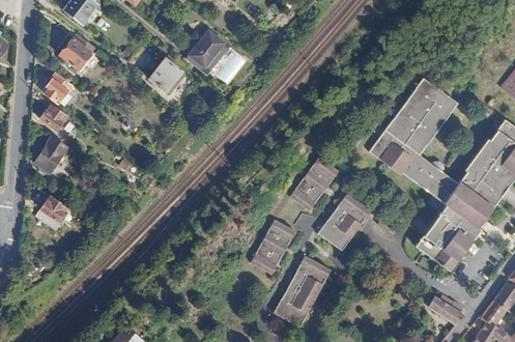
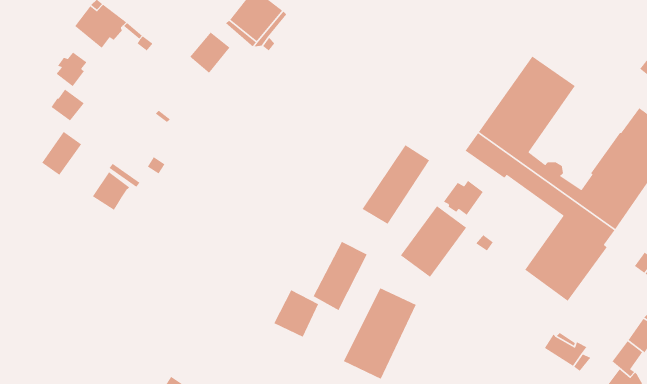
building: none -> [443,180,484,216]
building: [38,194,68,225] -> [92,171,130,211]
building: none -> [273,289,319,338]

